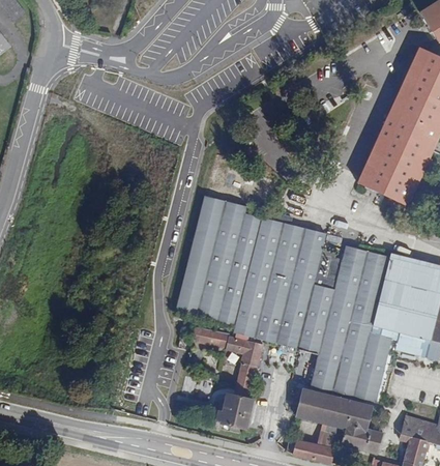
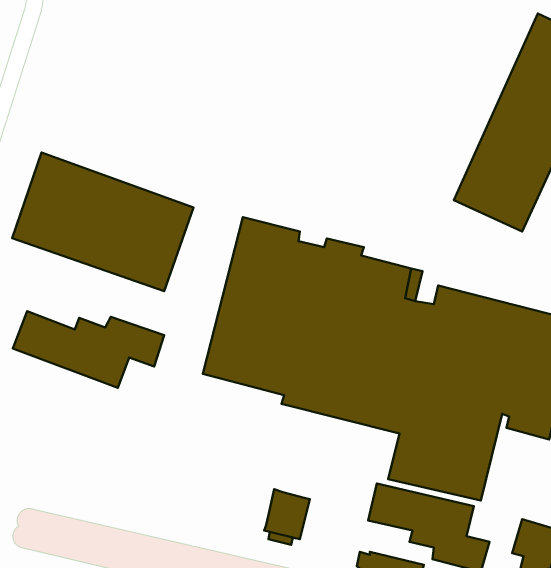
building: none -> [12,152,193,291]
building: none -> [13,311,164,388]
building: [193,327,263,396] -> none

